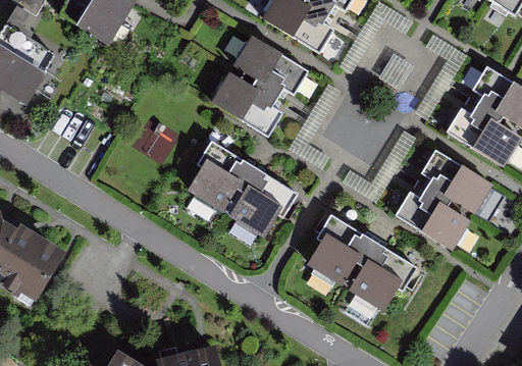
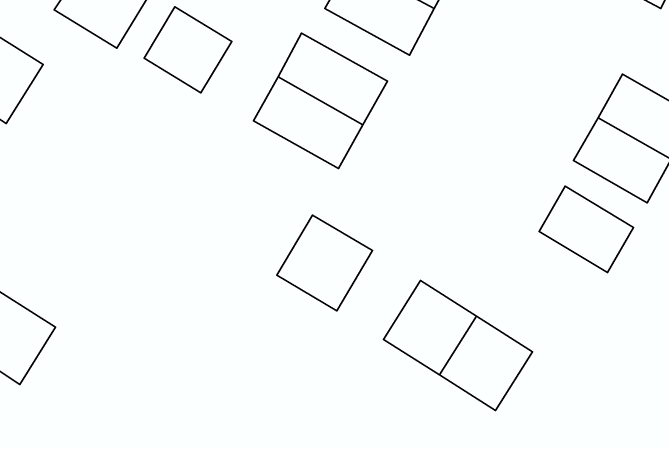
building: none -> [144,7,232,93]
building: [182,144,253,215] -> none
building: [402,182,473,246] -> none

